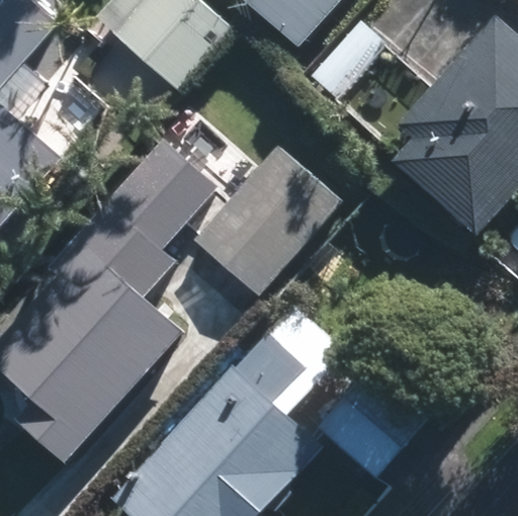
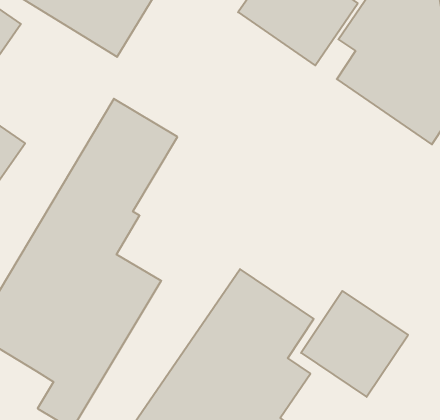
building: [192,142,340,293] -> none

